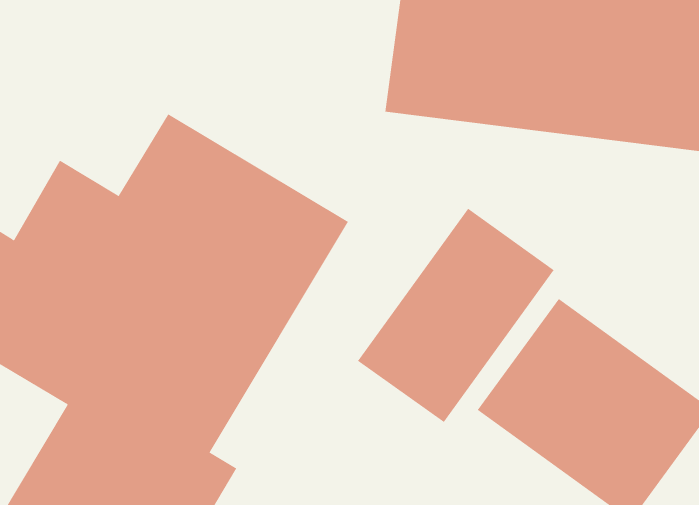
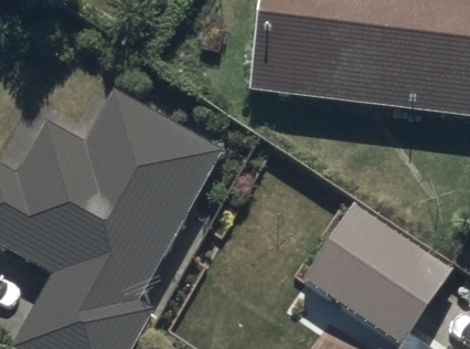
building: [357,208,555,423] -> none

